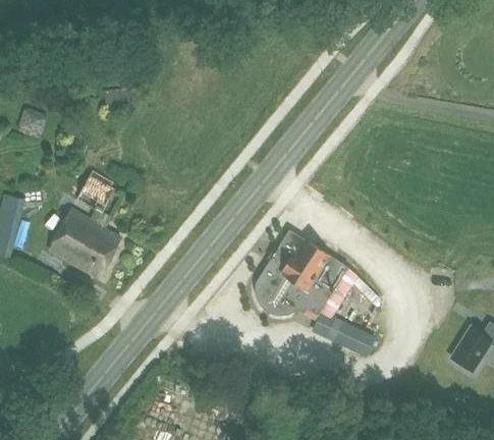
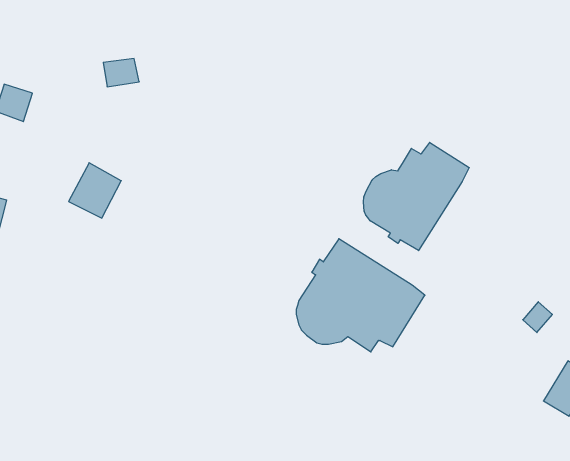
building: none -> [363,142,469,251]
building: [50,210,120,277] -> none
building: [312,311,374,356] -> none

